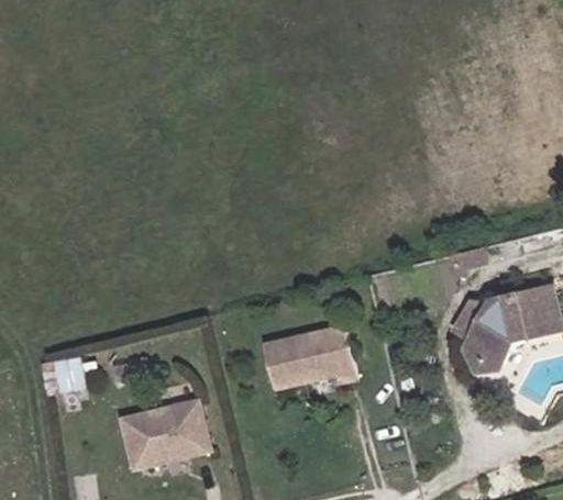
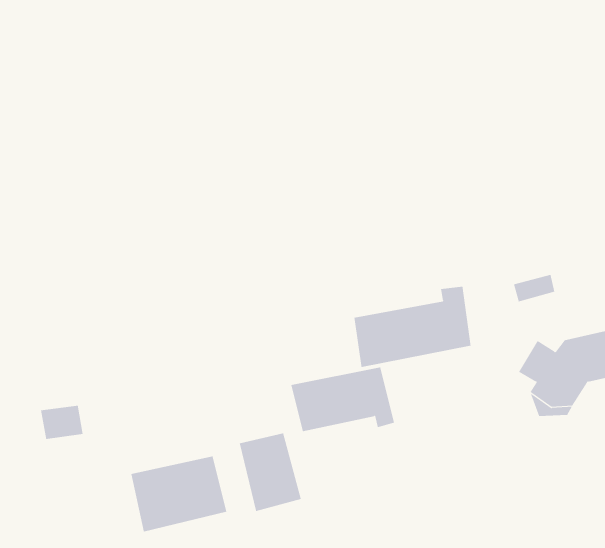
building: none -> [354,286,471,368]
building: none -> [239,432,302,512]

